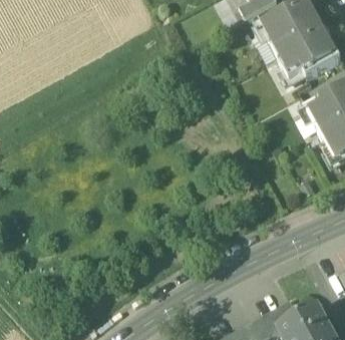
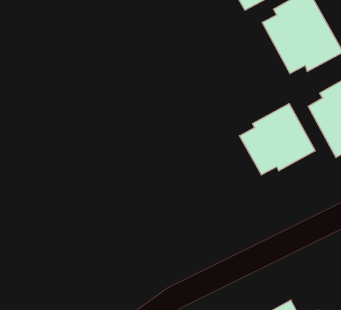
building: none -> [239,104,315,175]

